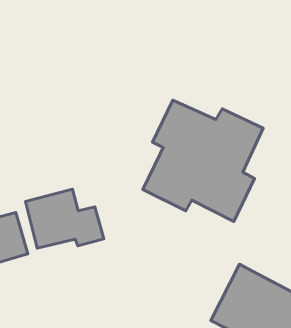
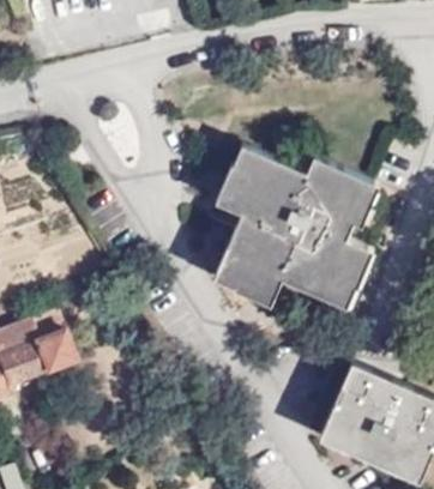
building: [26,189,104,248] -> none

